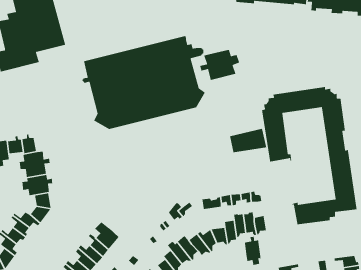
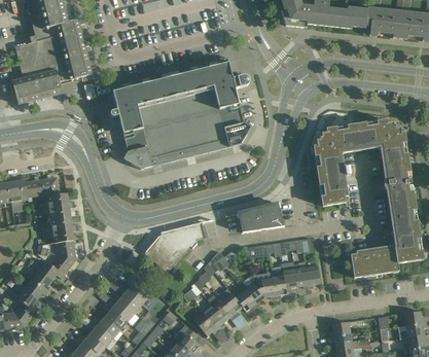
building: [199,49,240,81] -> none
building: [229,128,267,153] -> [239,203,282,231]
building: none -> [144,222,203,273]
building: [244,236,262,266] -> none

